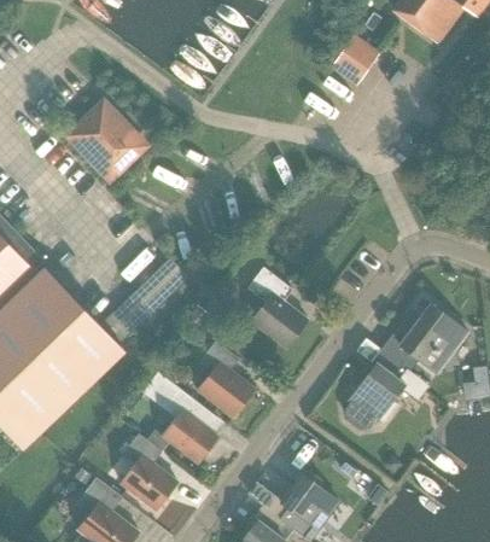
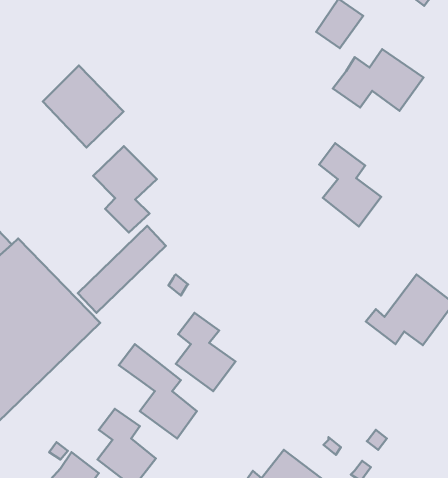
building: none -> [333,49,424,111]
building: none -> [93,146,157,232]
building: [247,267,308,348] -> [319,143,381,227]
building: [344,349,428,426] -> none

